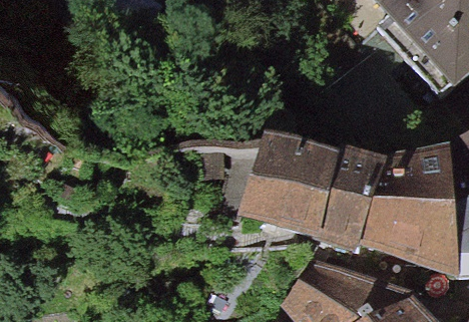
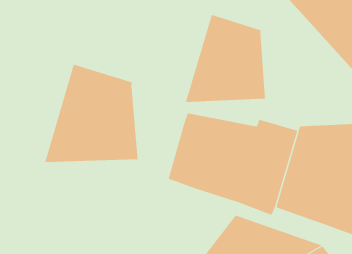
building: none -> [185,14,265,103]
building: none -> [44,64,138,163]

